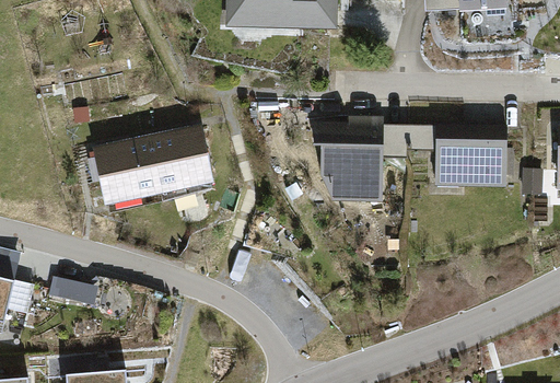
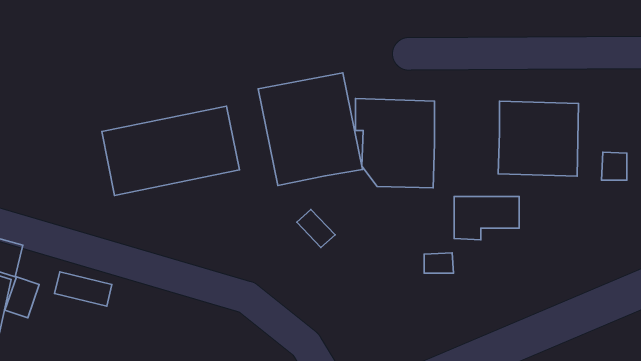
building: none -> [258,73,363,186]
building: [378,125,434,162] -> [454,196,519,240]

